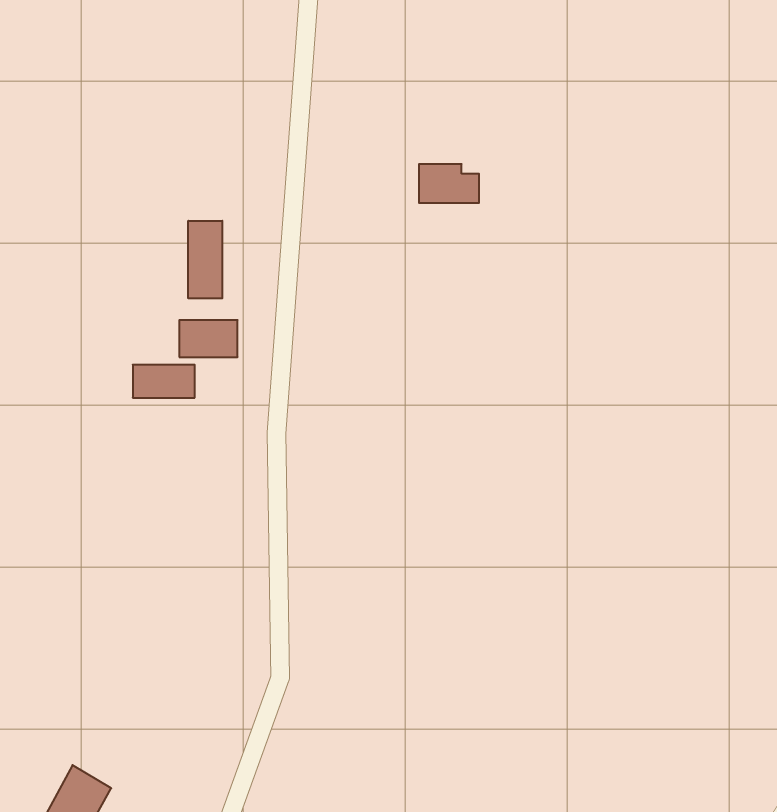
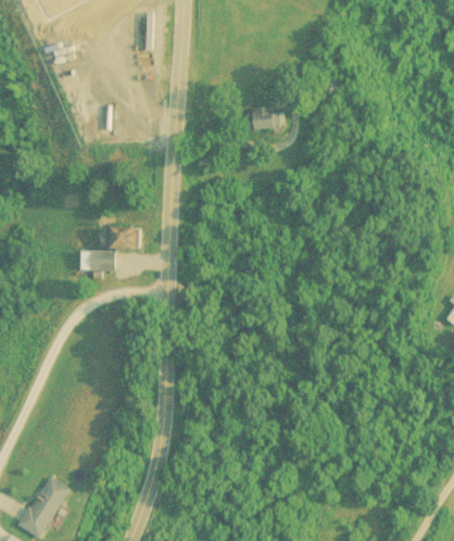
building: [419,164,479,203] -> [250,108,283,129]
building: [188,221,222,298] -> none

